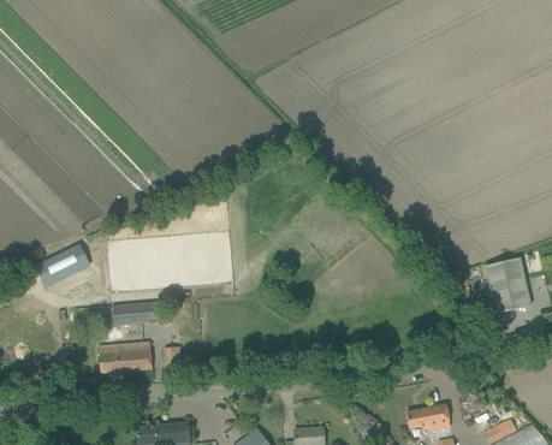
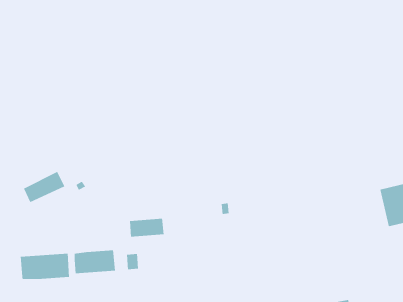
building: [113,301,158,325] -> [129,218,165,237]
building: none -> [20,253,70,280]

